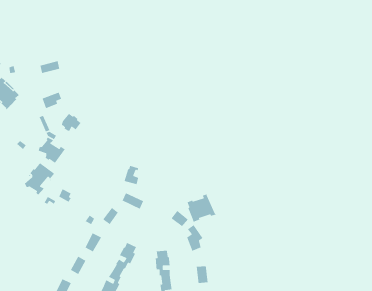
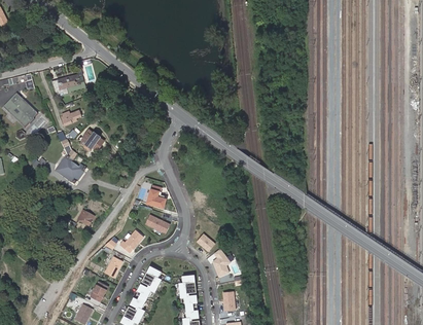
building: [24,162,55,195] -> none
building: [186,193,217,223] -> none

